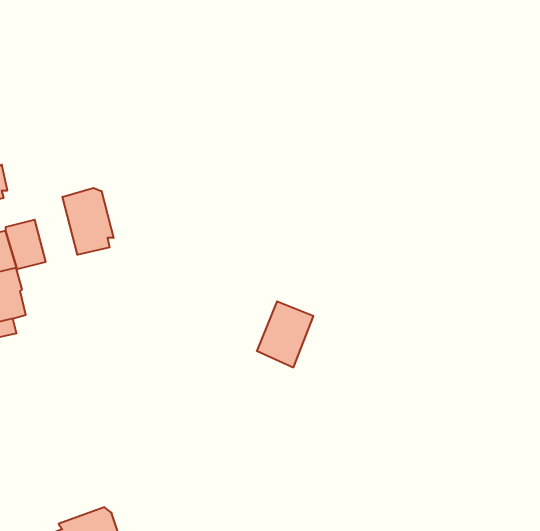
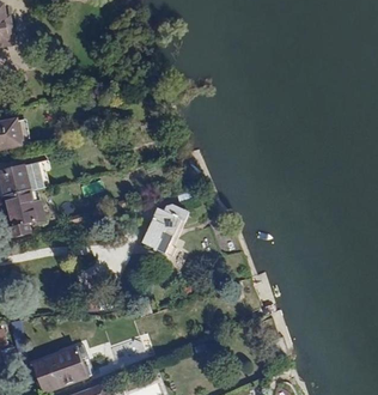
building: [62,188,114,255] -> none
building: [257,301,313,367] -> [142,209,179,253]

